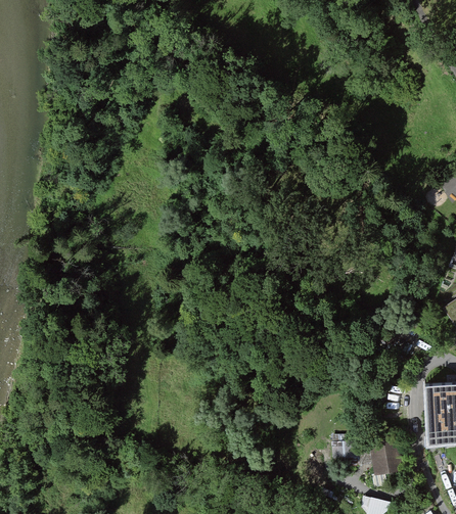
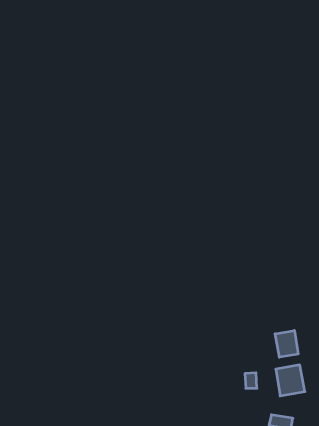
building: none -> [275,330,298,357]

